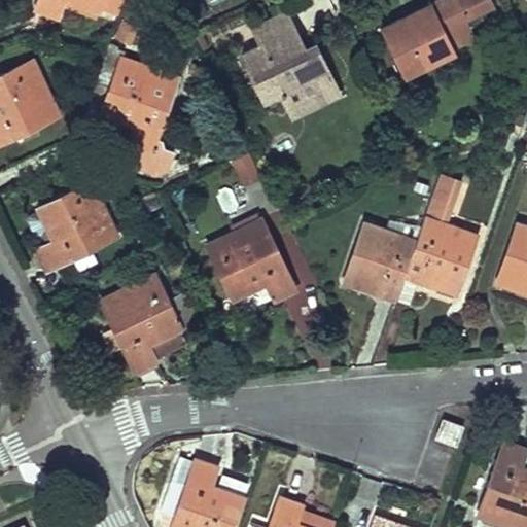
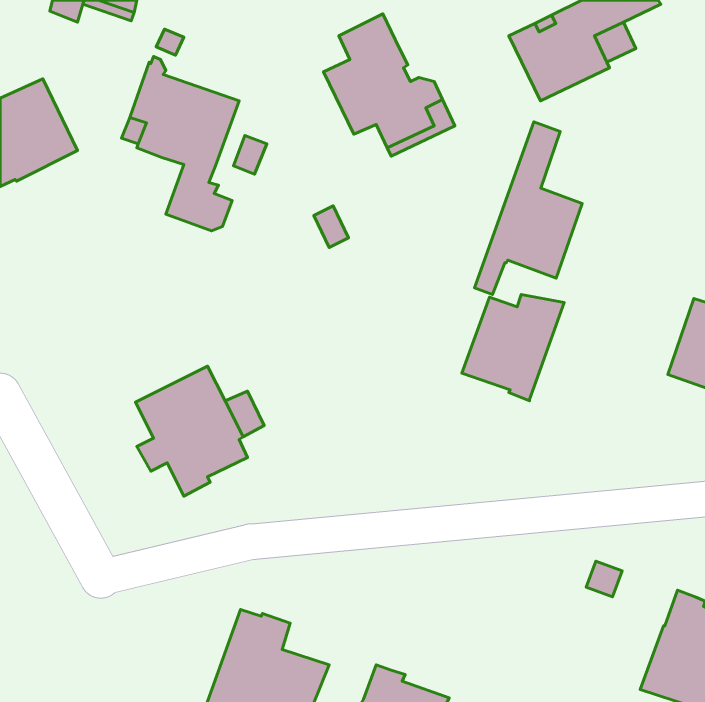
building: [395,177,476,306] -> [474,122,582,295]
building: [37,183,118,272] -> none
building: [209,217,296,302] -> none

